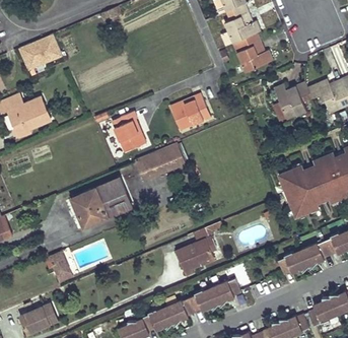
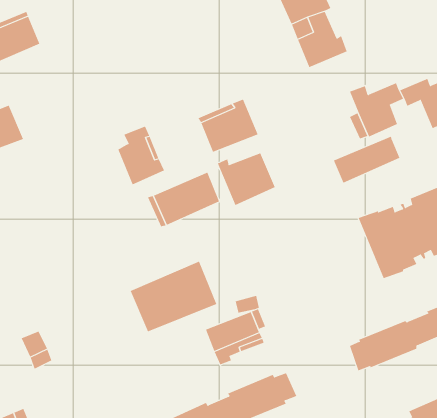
building: none -> [333,136,400,183]
building: none -> [217,152,276,206]
building: [71,179,131,227] -> [130,261,217,332]

